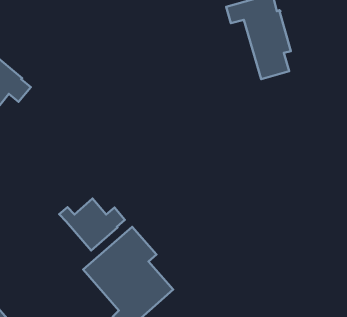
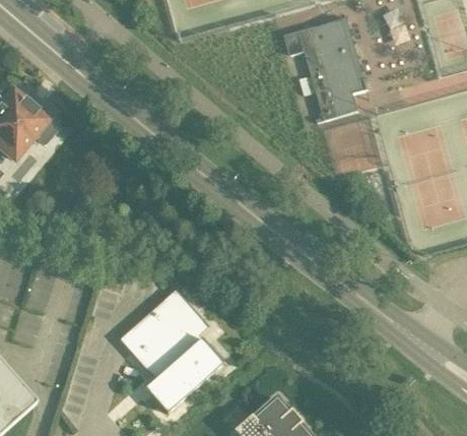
building: [59,199,125,250] -> none

